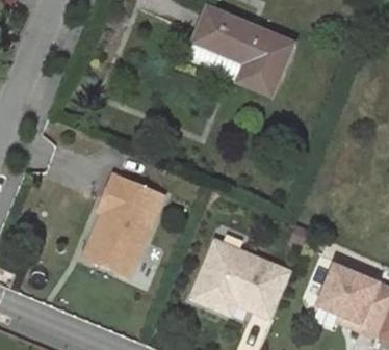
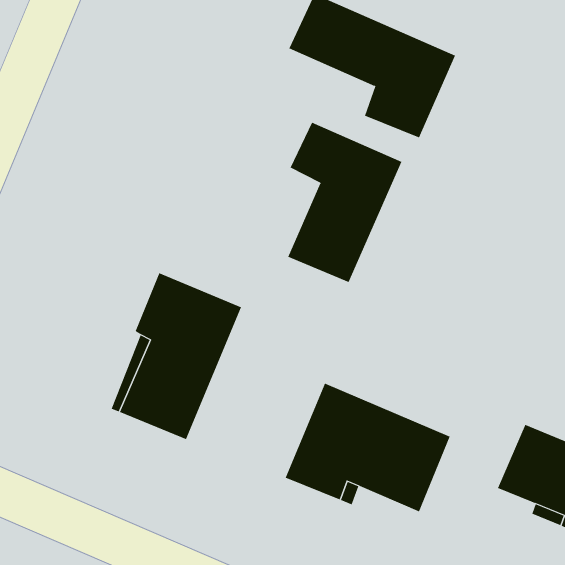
building: none -> [288,122,402,283]

